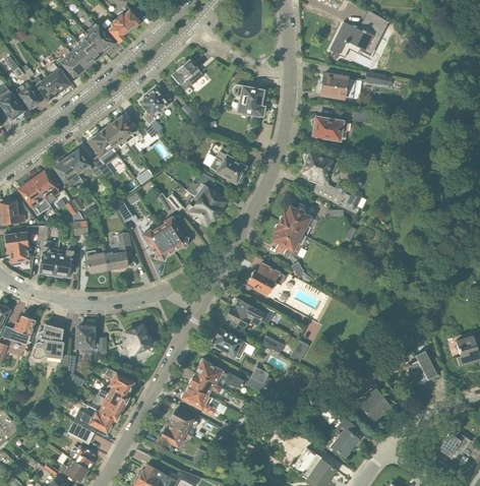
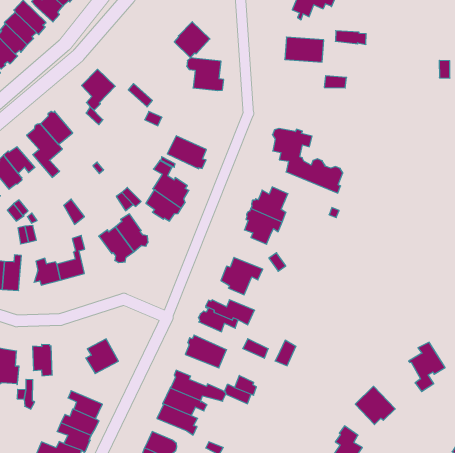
building: [172,59,203,90] -> [174,22,210,58]
building: [114,113,142,145] -> none
building: [311,116,347,139] -> none

